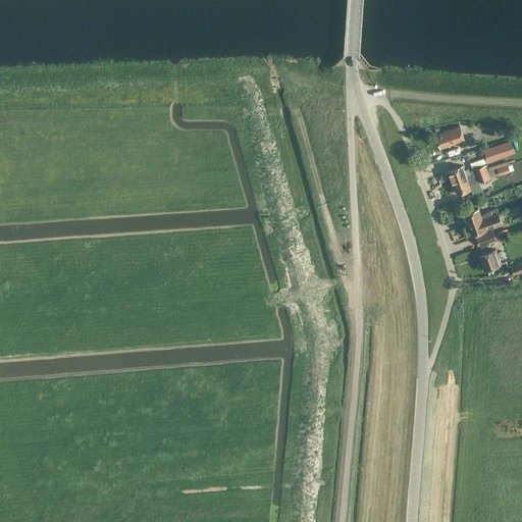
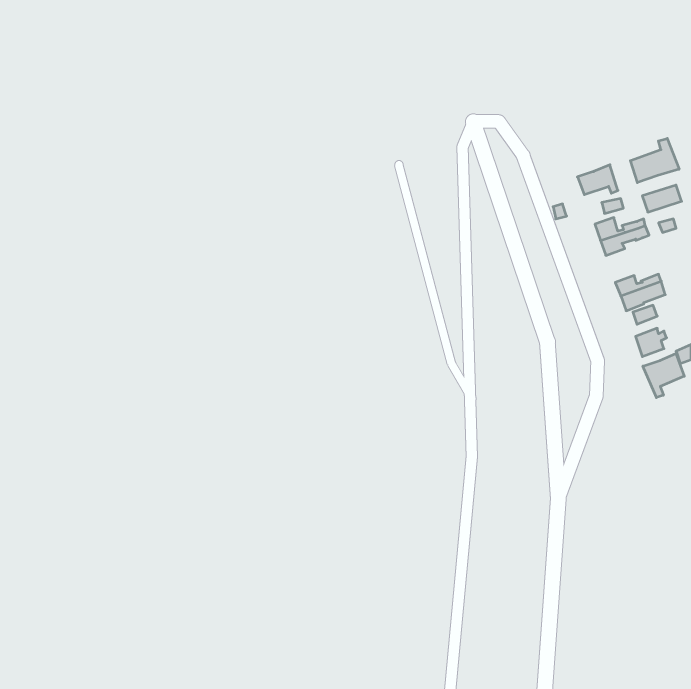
building: none -> [630,138,679,183]
building: none -> [643,354,684,398]

